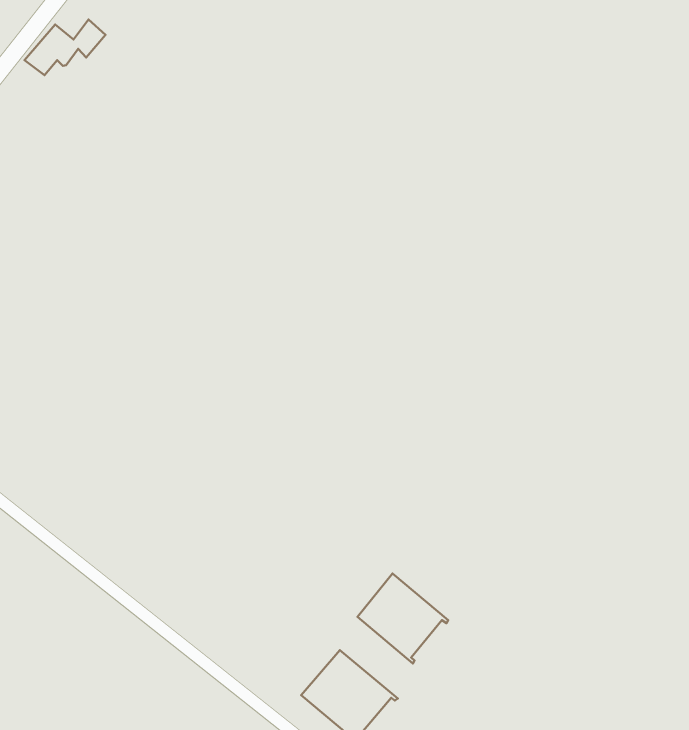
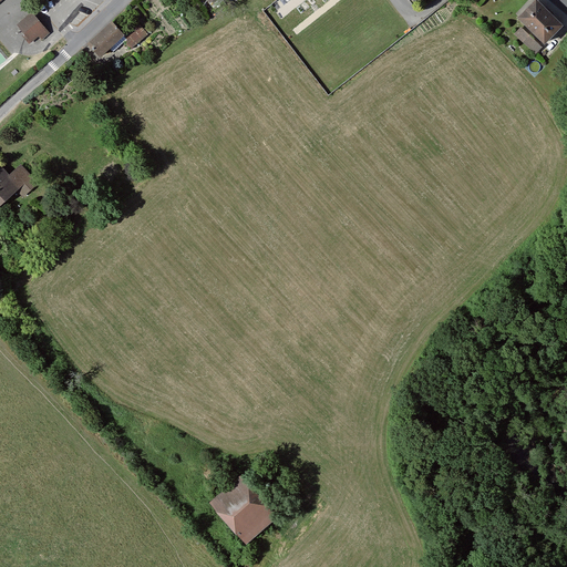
building: [357,574,448,663] -> none

